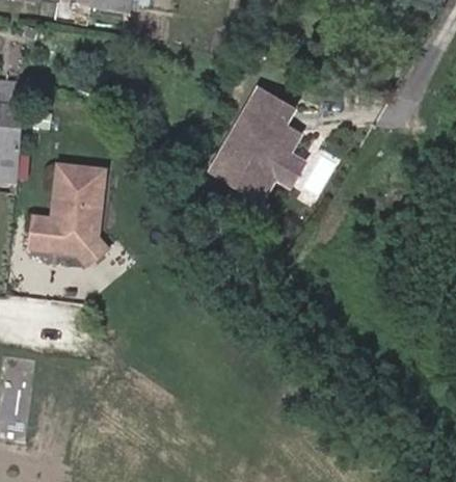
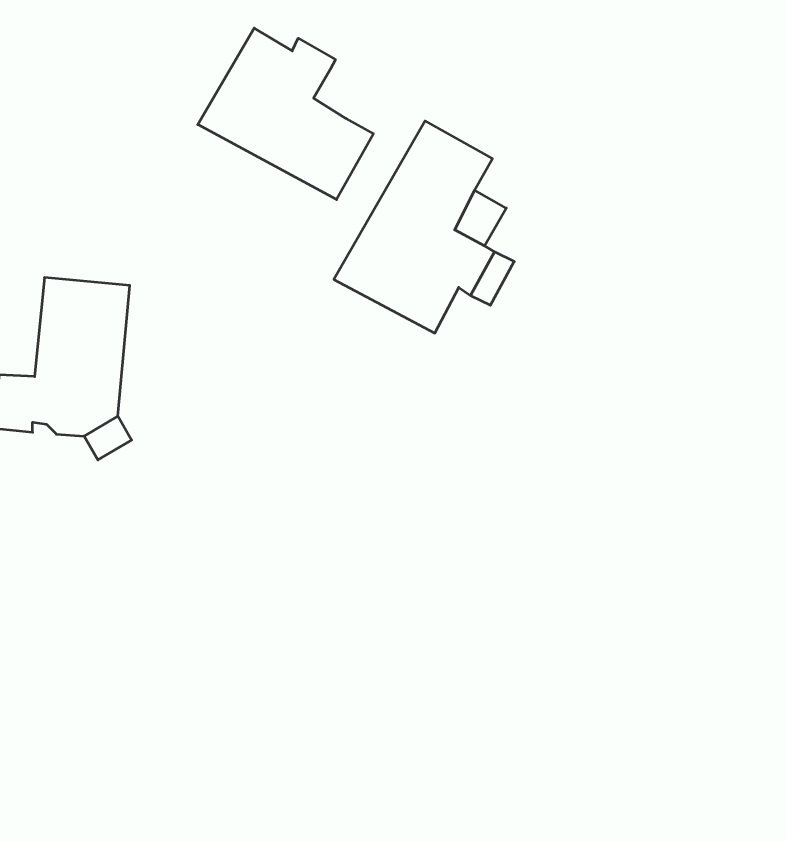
building: none -> [198,28,373,200]

